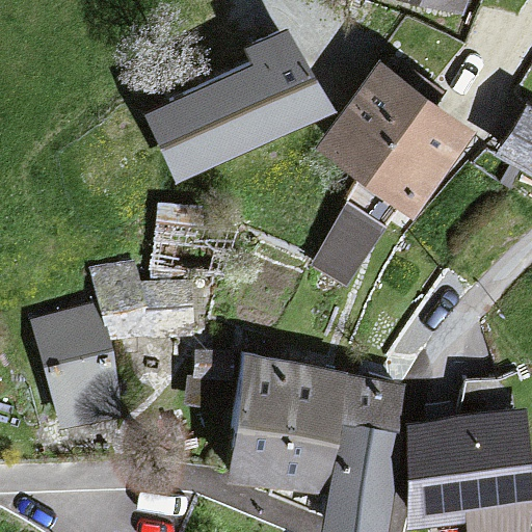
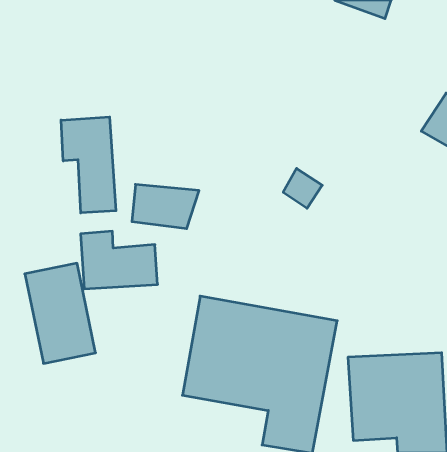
building: [167,56,324,171] -> none
building: [318,69,469,215] -> none
building: none -> [61,117,116,213]

